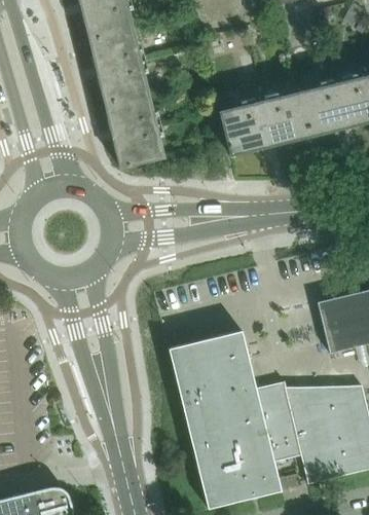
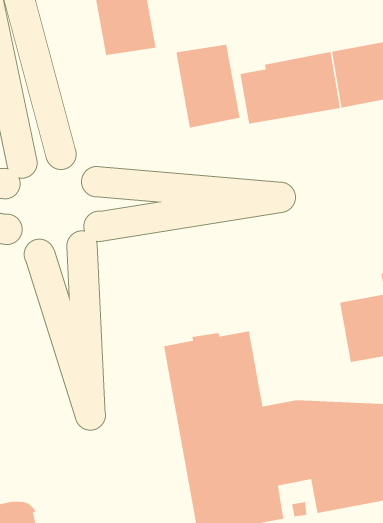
building: [106,95,164,169] -> [176,44,240,128]

